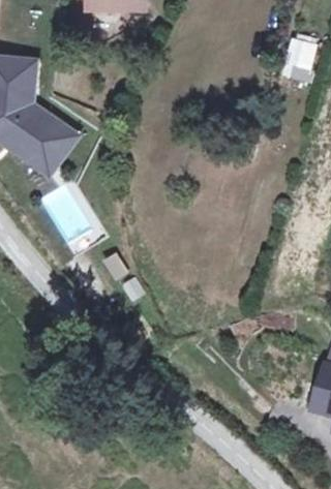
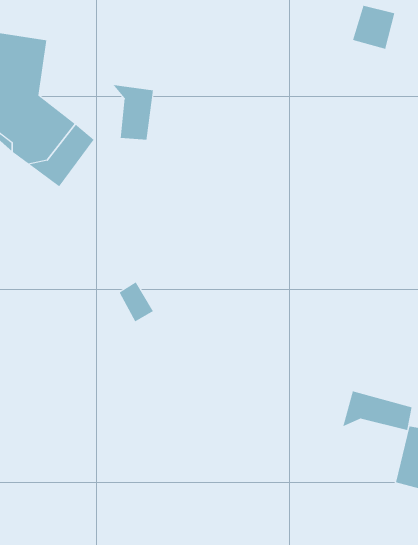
building: none -> [112,84,154,141]
building: none -> [343,391,412,431]

